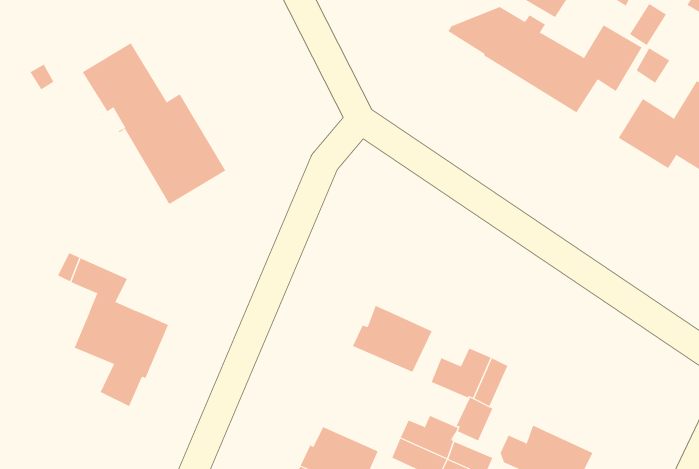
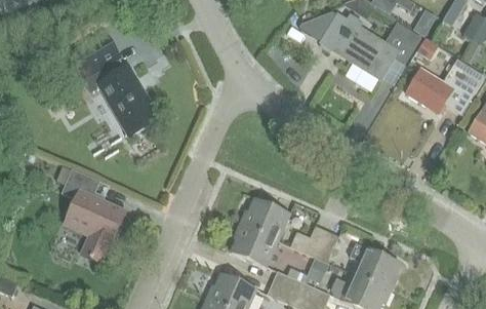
building: none -> [232,224,278,267]
building: none -> [351,243,400,291]

